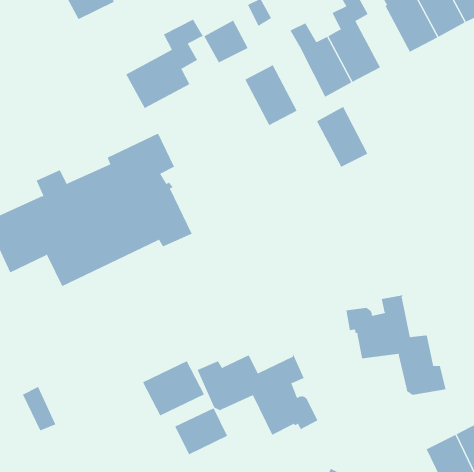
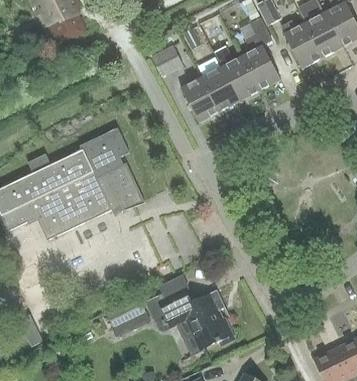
building: [125,19,204,109] -> none
building: [316,106,368,167] -> [202,65,240,110]
building: [346,295,446,396] -> none
building: [175,407,228,455] -> none

